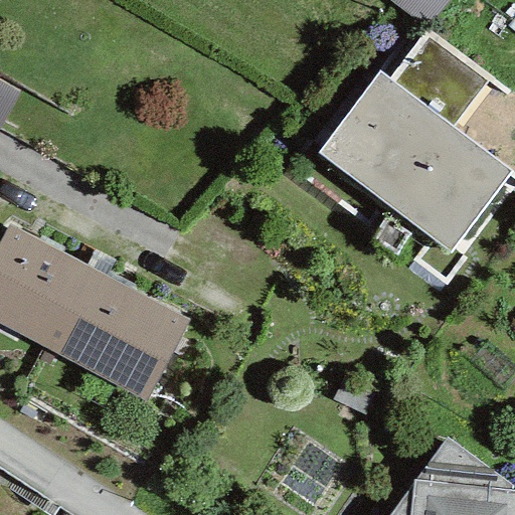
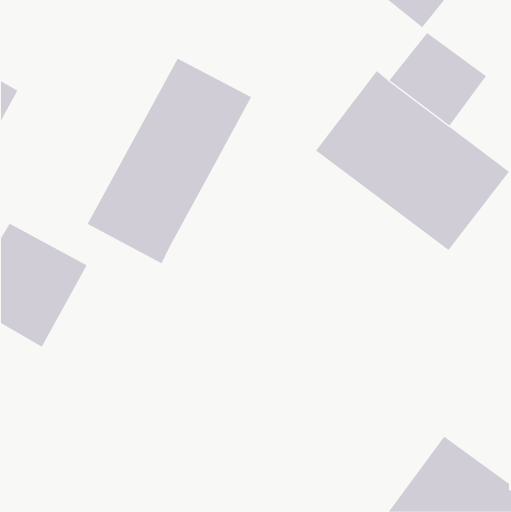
building: none -> [87,58,252,264]
building: [44,266,190,402] -> none

